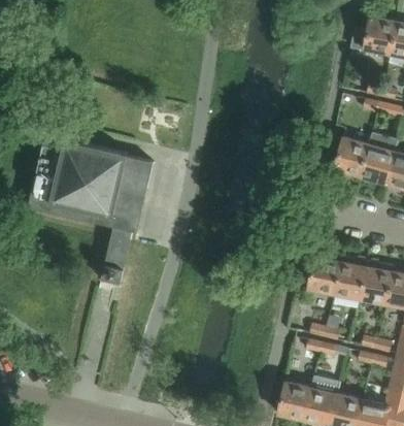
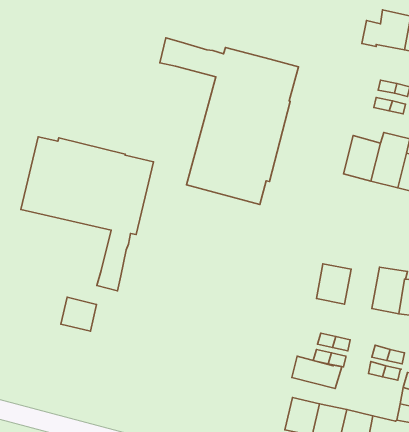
building: none -> [160,38,298,204]
building: [336,255,369,298] -> none
building: none -> [61,297,96,331]
building: none -> [292,356,342,389]

